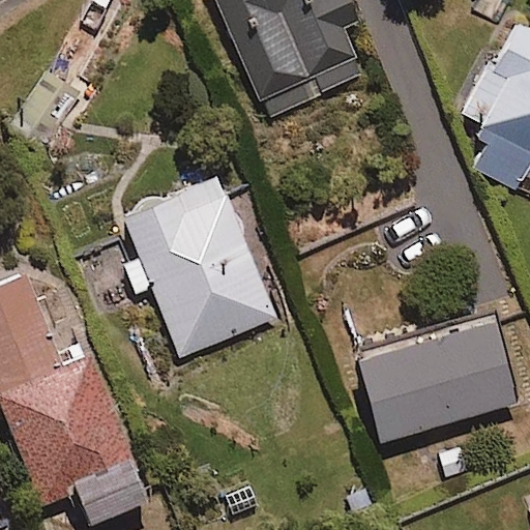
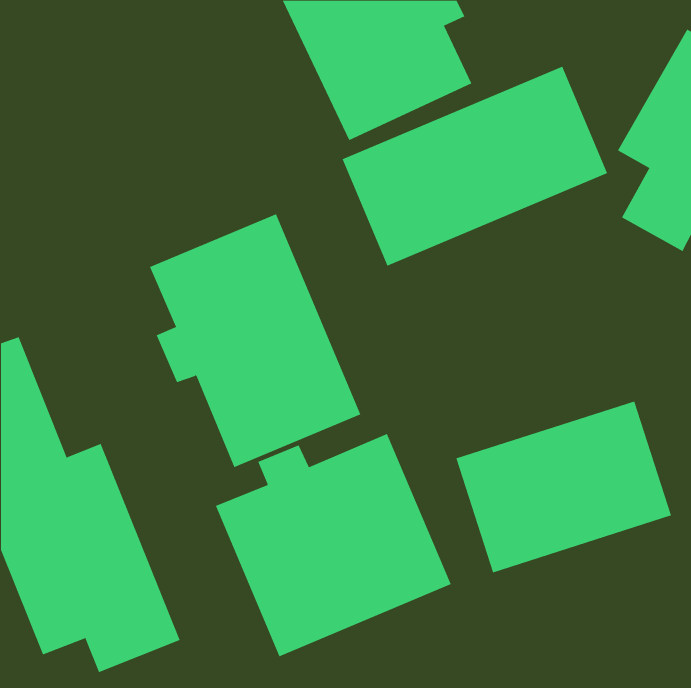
building: none -> [342,66,608,266]
building: none -> [215,433,451,657]

